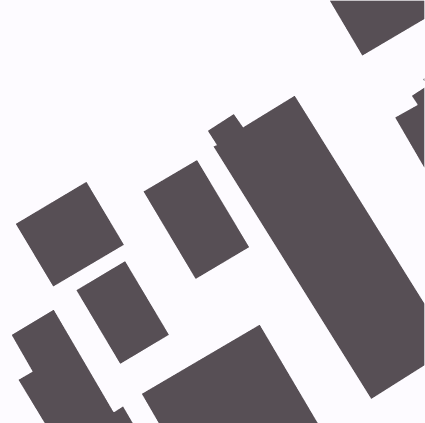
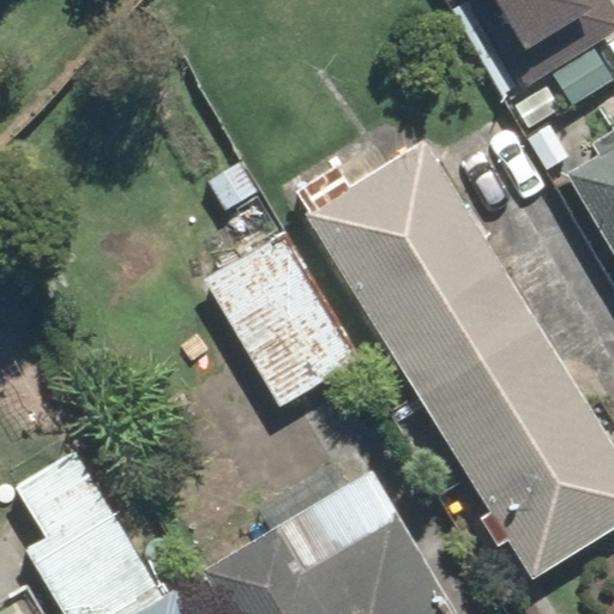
building: [15,181,125,288] -> none
building: [75,260,170,365] -> none

